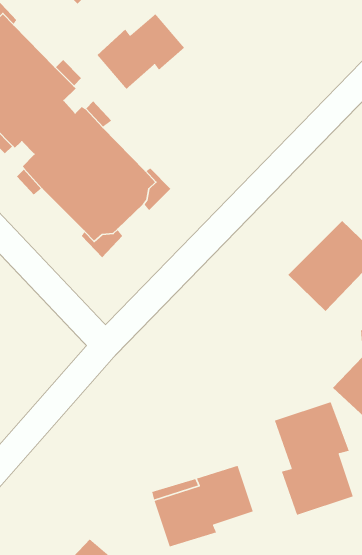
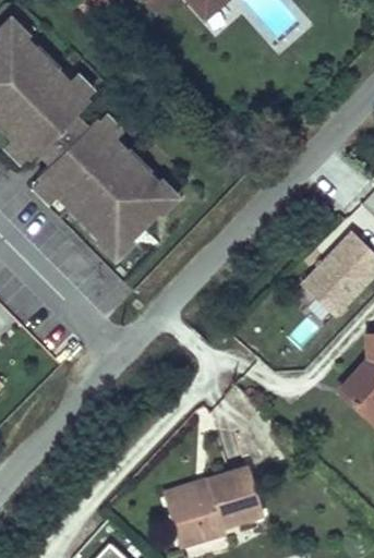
building: [97,13,185,90] -> none
building: [274,401,354,516] -> none

